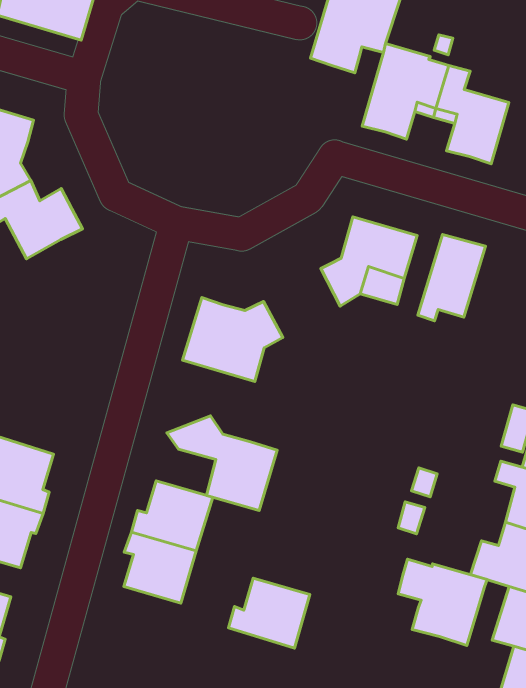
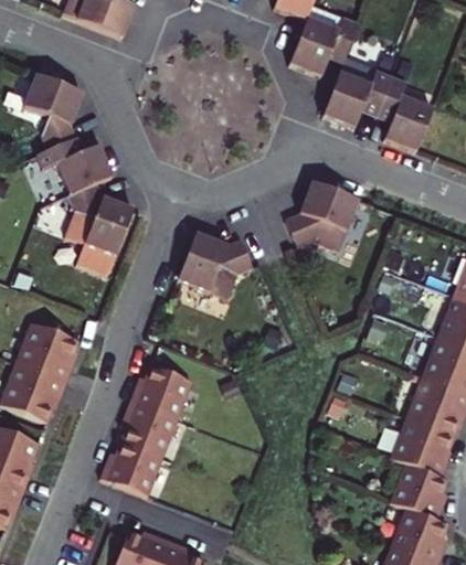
building: [418,234,486,321] -> none
building: none -> [63,182,134,276]
building: [167,416,277,510] -> none
building: [398,559,487,645] -> none
building: [229,578,310,648] -> [100,441,162,495]

